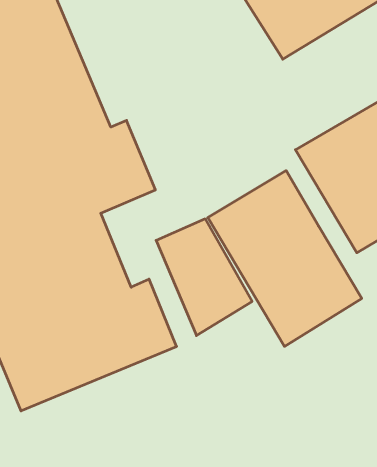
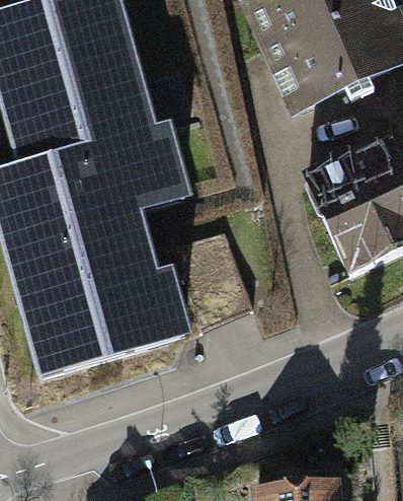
building: [208,171,362,346] -> none

